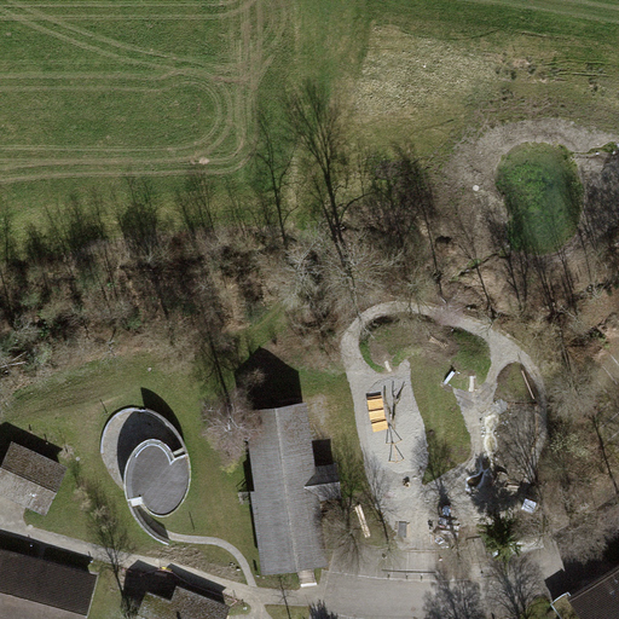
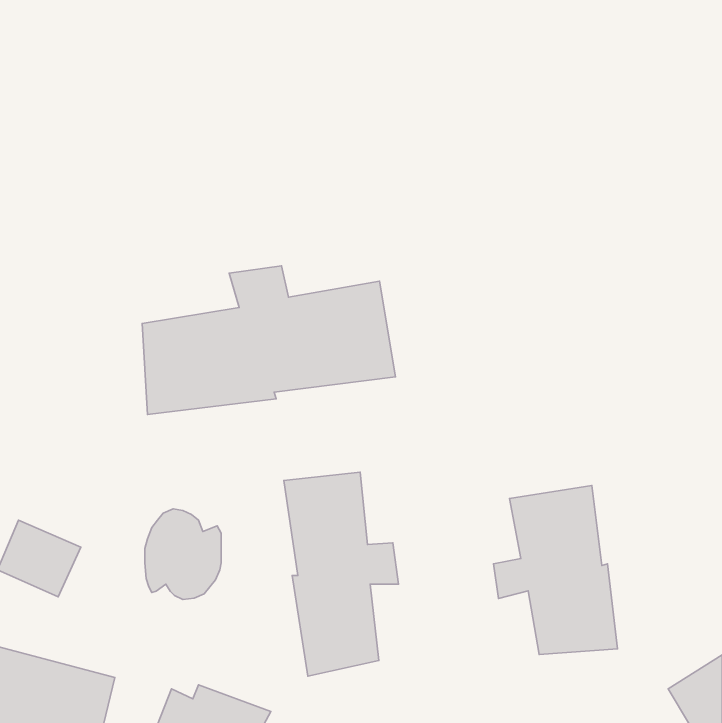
building: none -> [142,266,395,415]
building: none -> [494,485,617,655]

